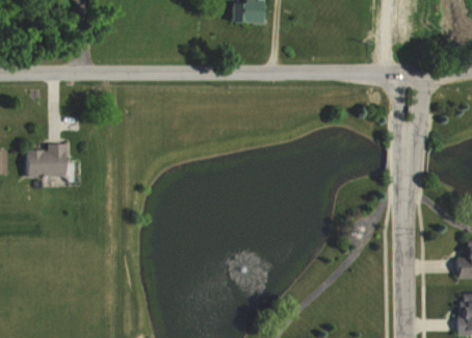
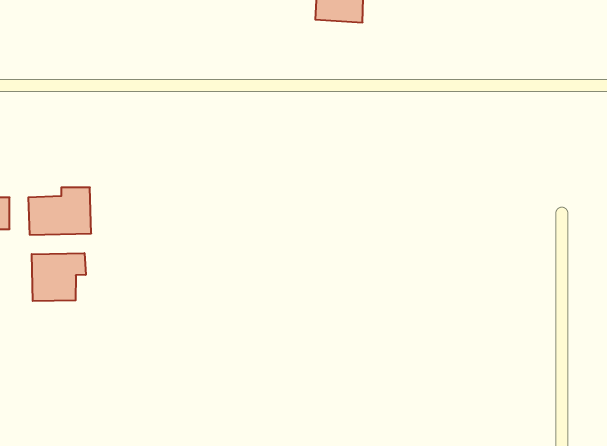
building: none -> [32,253,86,301]

